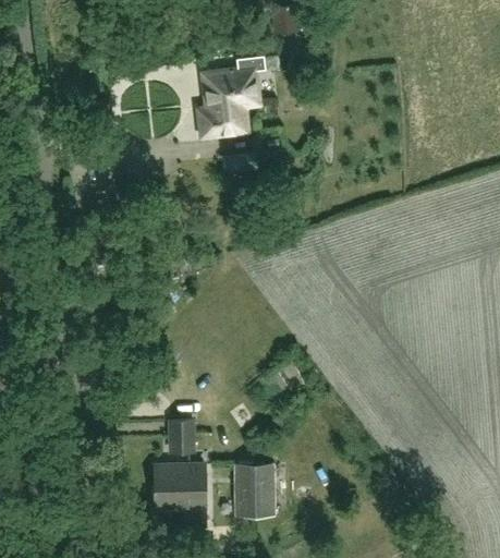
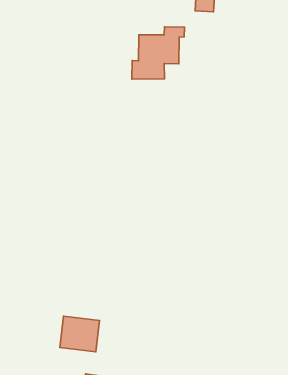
building: [170,421,193,452] -> none
building: [234,463,275,517] -> none

